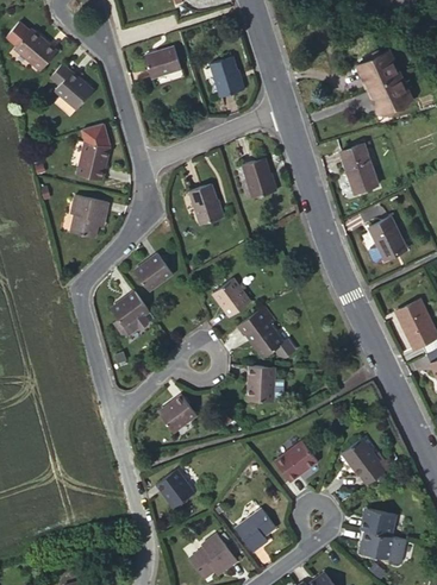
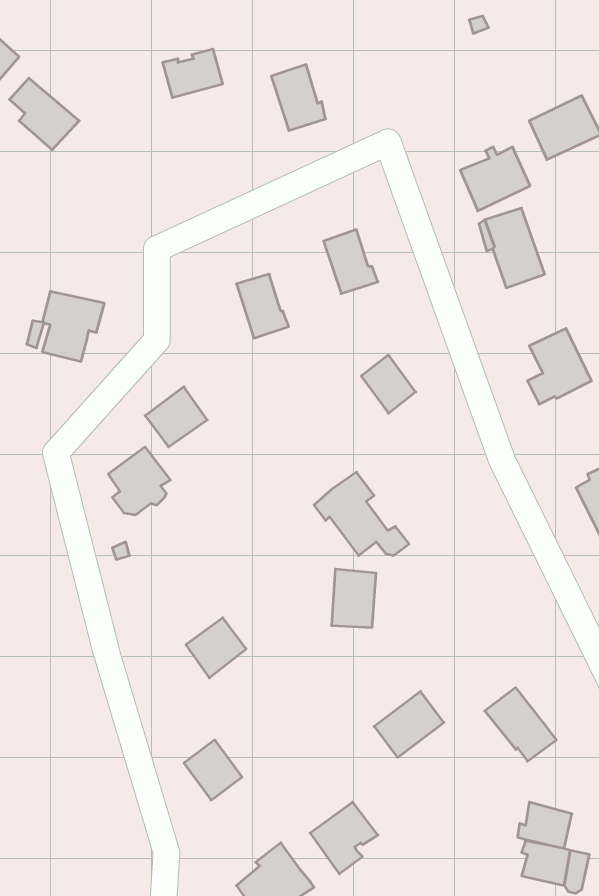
building: [358,51,401,90] -> [460,147,530,211]
building: [76,140,110,180] -> none
building: [214,279,248,315] -> [361,355,416,413]

